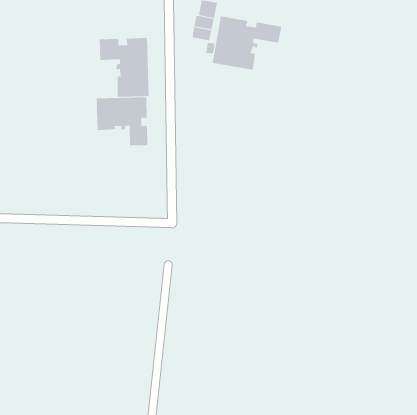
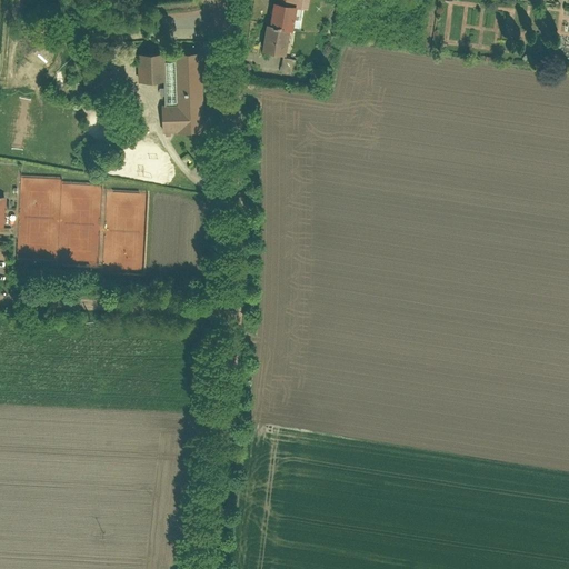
building: [212,15,282,70] -> none
building: [96,96,148,146] -> none

